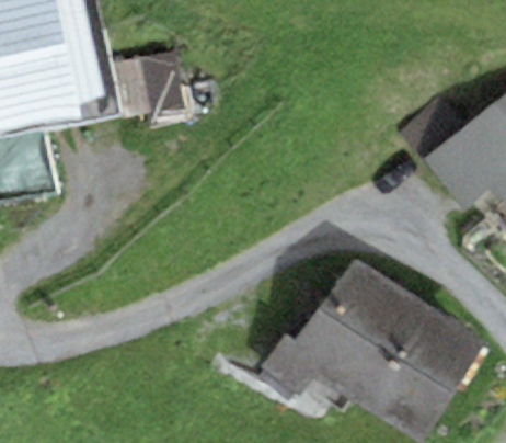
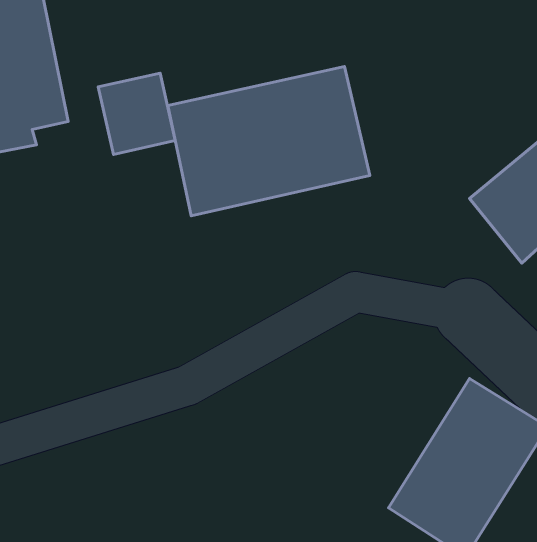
building: none -> [168,66,370,216]
building: [260,260,424,407] -> none

